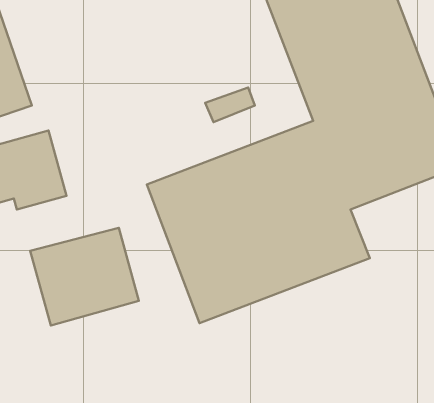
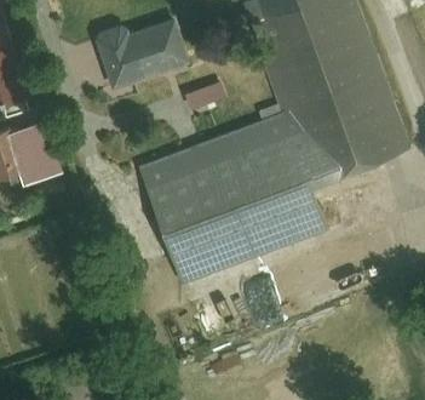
building: none -> [97,17,190,90]
building: [30,228,139,325] -> none

